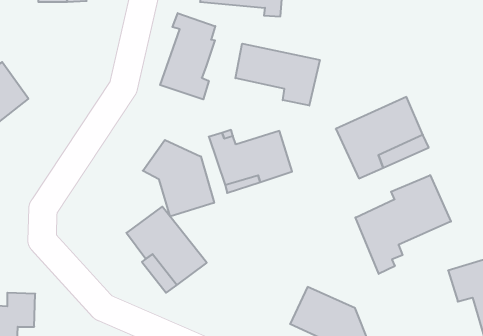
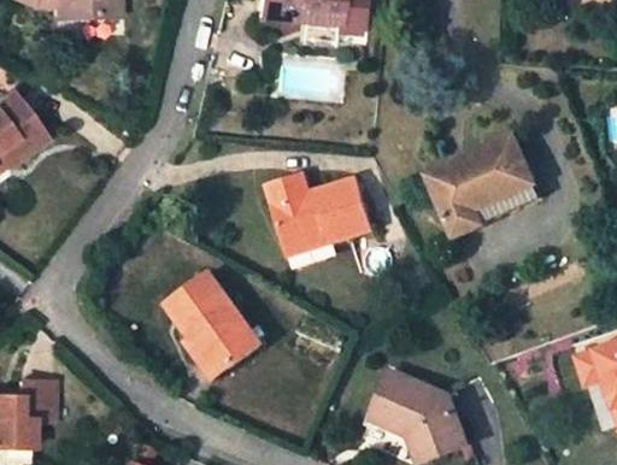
building: [160,13,215,99] -> none
building: [235,44,320,106] -> none
building: [143,140,214,216] -> none
building: [355,175,451,274] -> none

